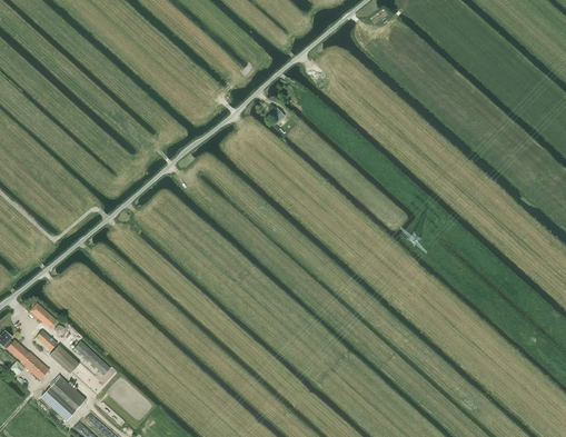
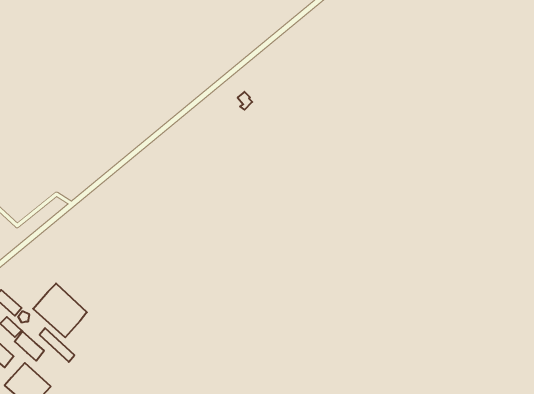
building: none -> [33,283,87,337]

